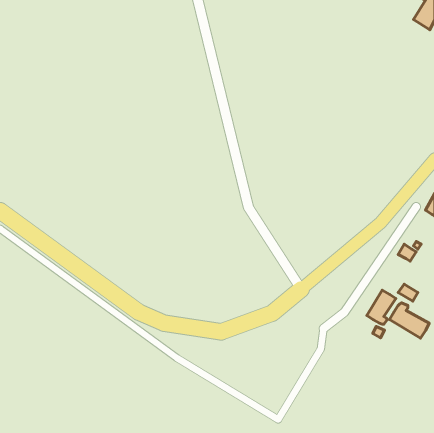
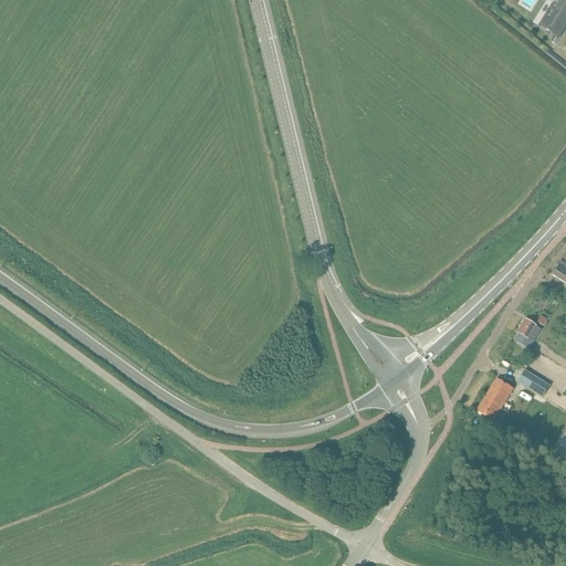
building: [390,303,429,338] -> none

